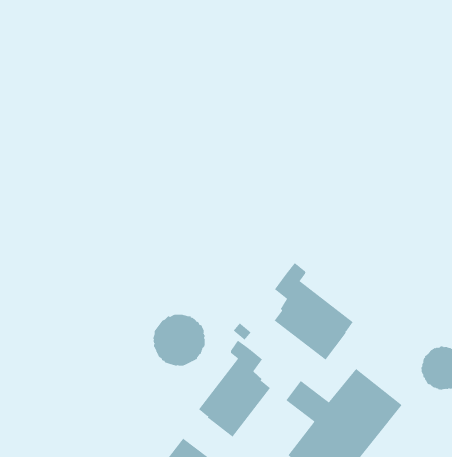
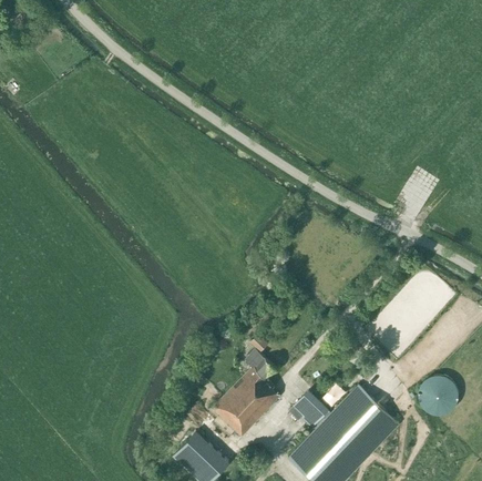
building: [274,262,354,361] -> none
building: [153,314,205,367] -> none

